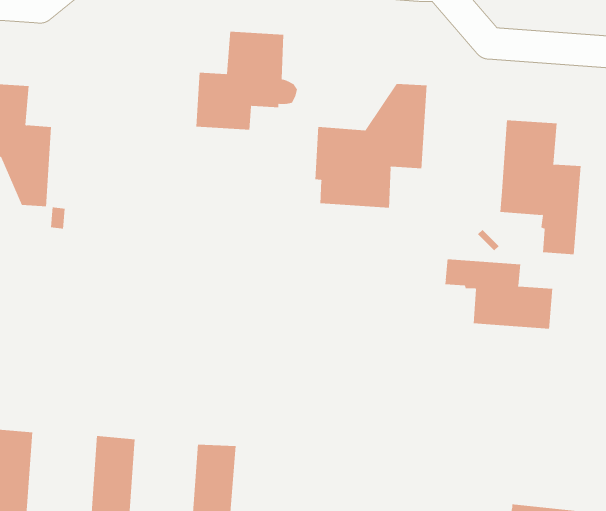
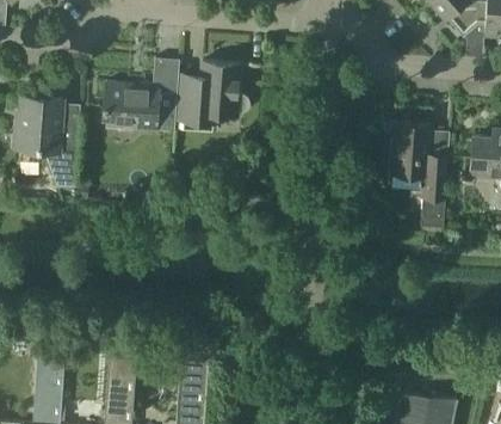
building: none -> [103,57,179,130]
building: [315,83,427,209] -> none
building: [445,258,553,330] -> none

